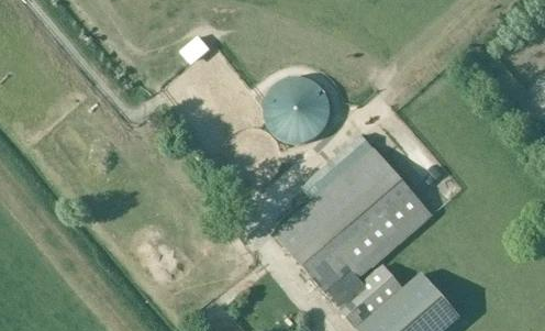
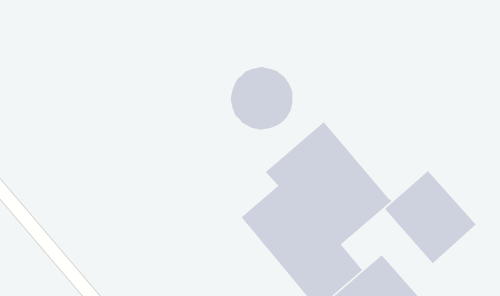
building: none -> [384,170,476,264]

